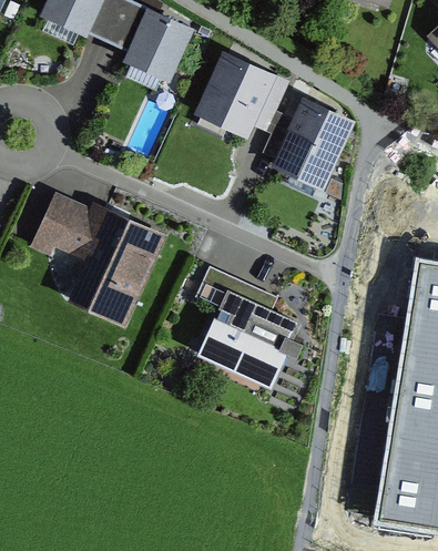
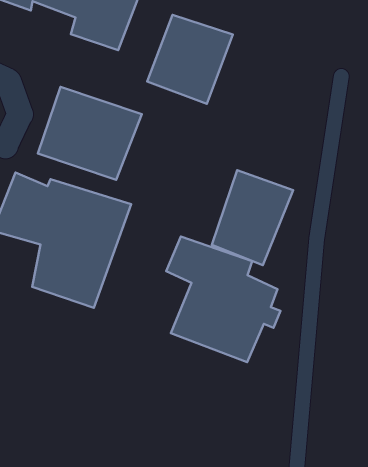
building: [272,96,354,190] -> [212,170,293,265]
building: none -> [38,87,142,180]

